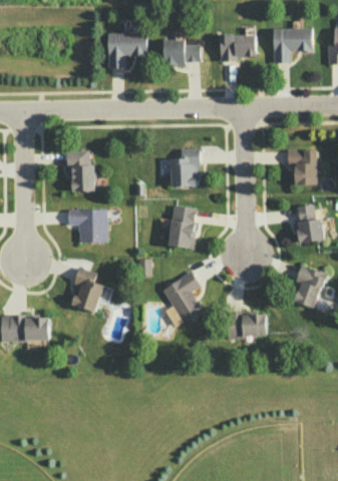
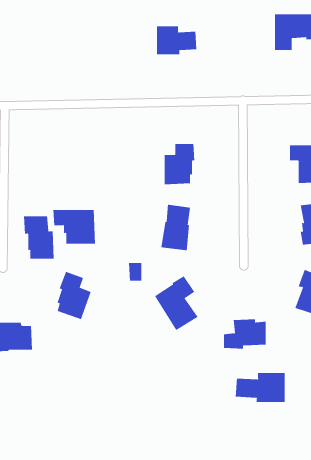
building: [107,33,146,67] -> none
building: [220,33,256,61] -> none
building: [65,150,94,190] -> [23,216,54,259]
building: none -> [235,372,285,403]

